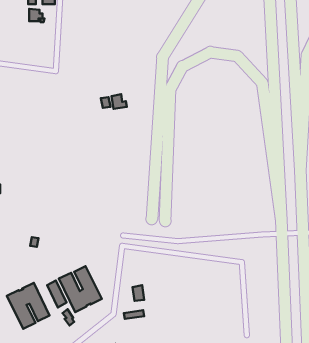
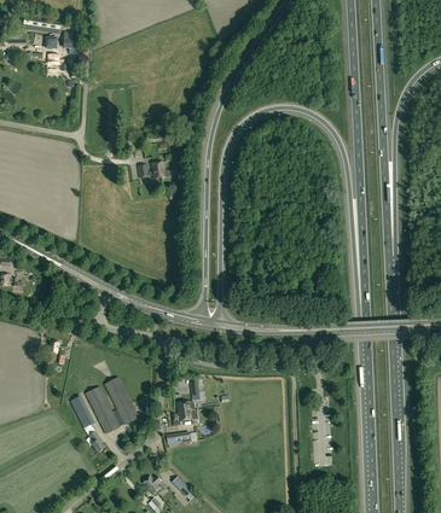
building: [7,283,49,329] -> none

